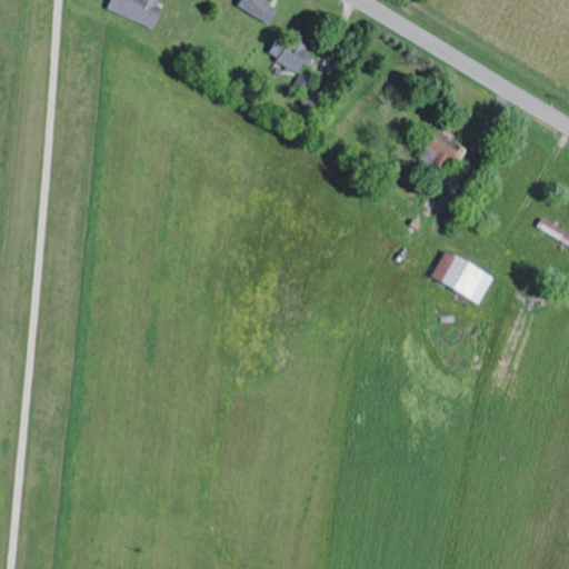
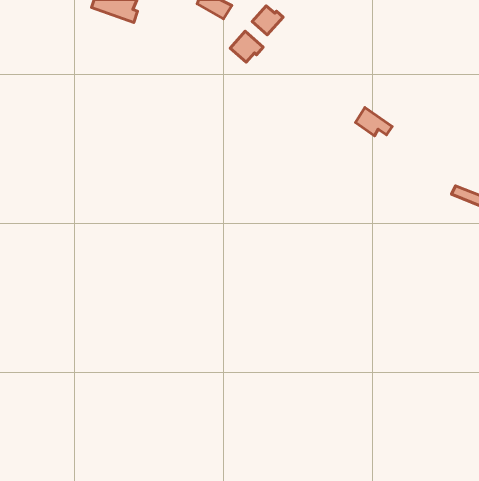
building: none -> [252,6,283,35]
building: [429,252,493,303] -> none

